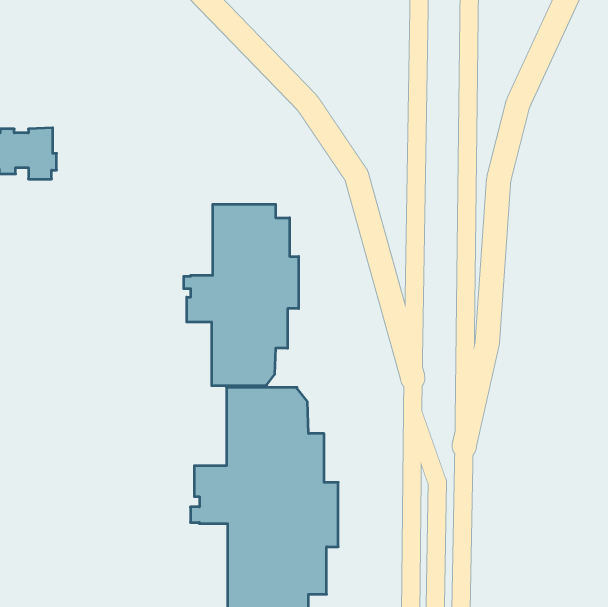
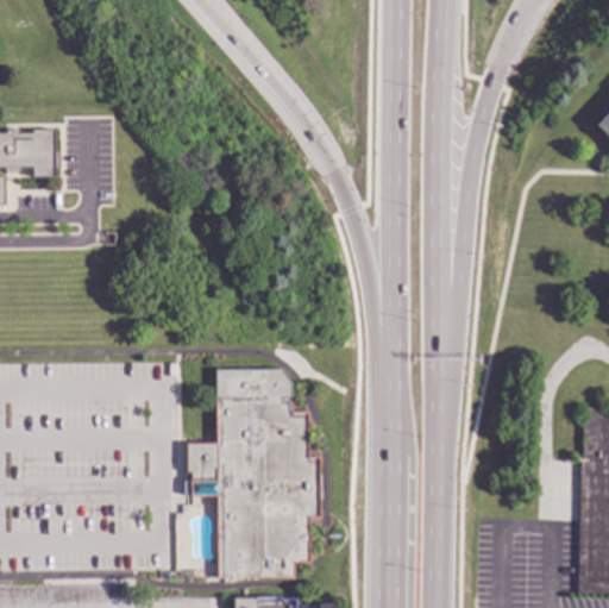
building: [184,204,299,386] -> none

